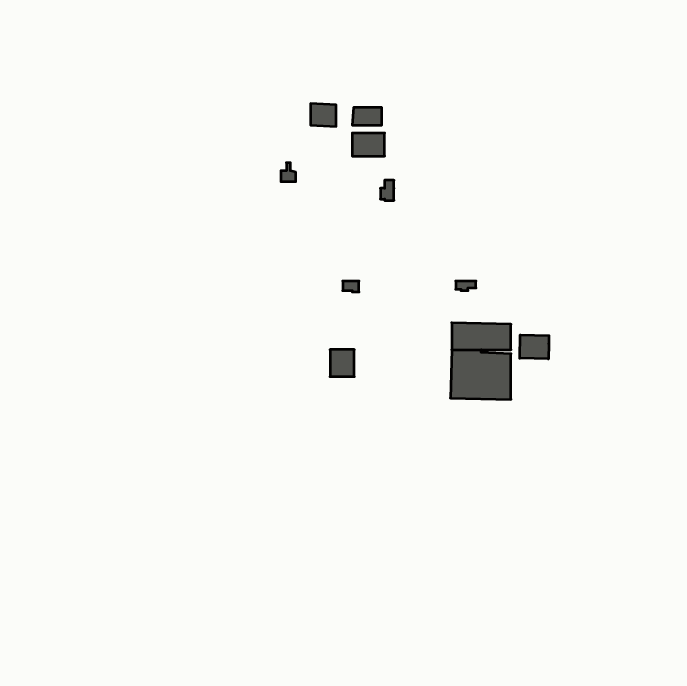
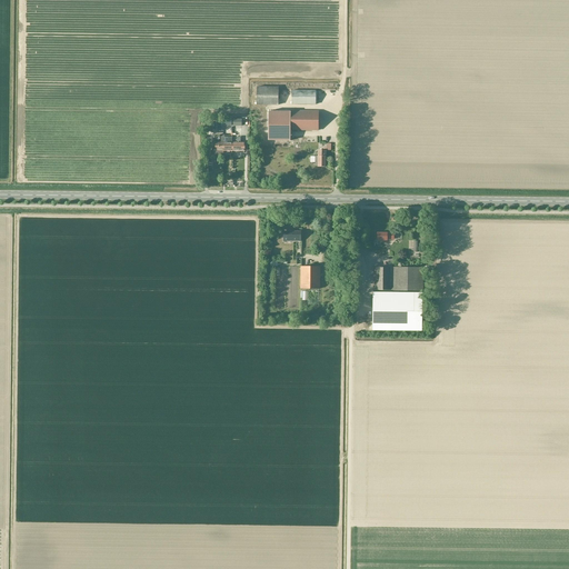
building: none -> [268,110,291,140]
building: [520,335,549,359] -> none
building: [330,350,354,377] -> [300,266,320,288]

